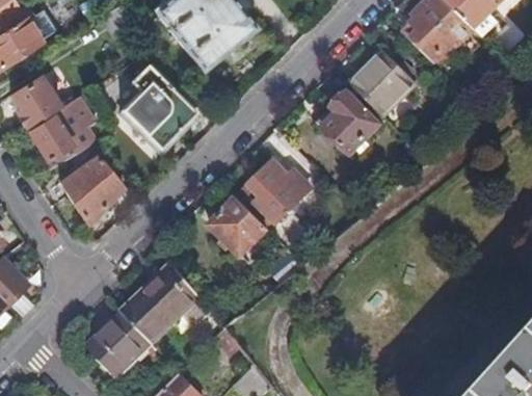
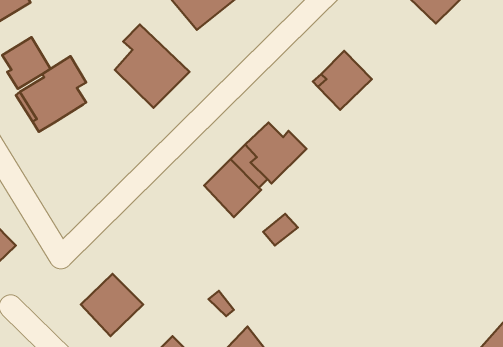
building: [350,50,415,115] -> none
building: [59,156,122,225] -> none
building: [119,261,209,342] -> none

